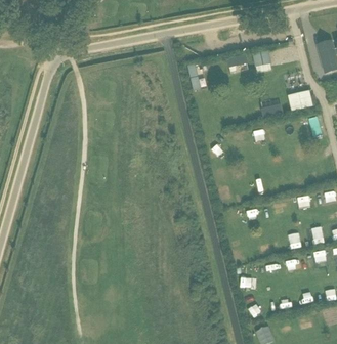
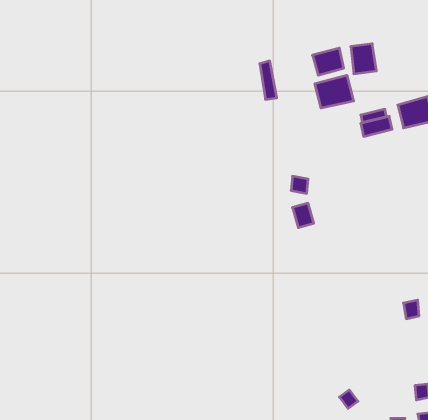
building: none -> [315,75,354,108]

